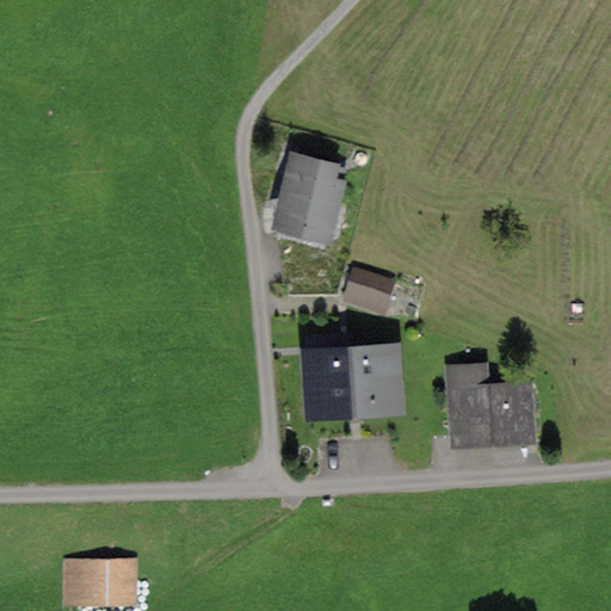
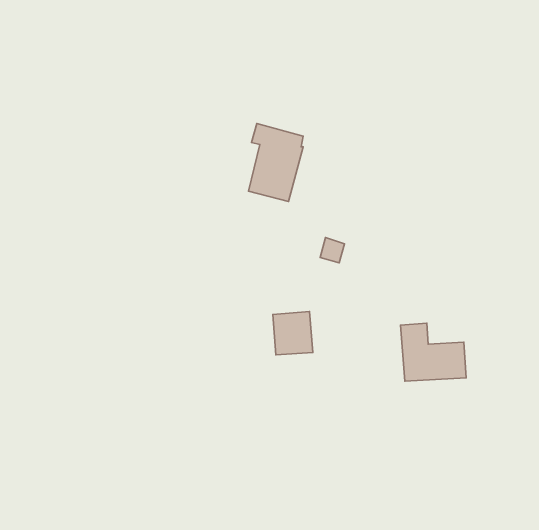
building: [351,360,396,409] -> none
building: [68,569,132,605] -> none

